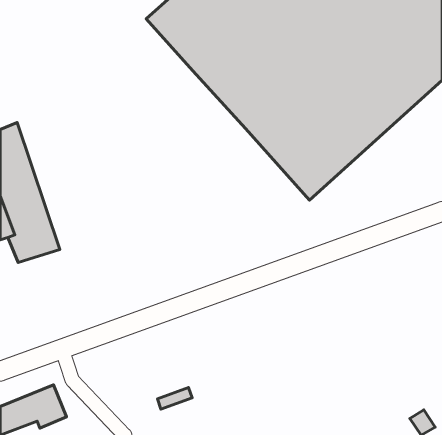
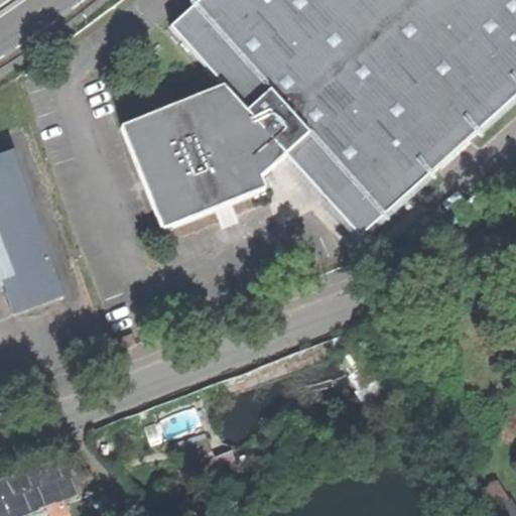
building: none -> [124,83,286,226]

